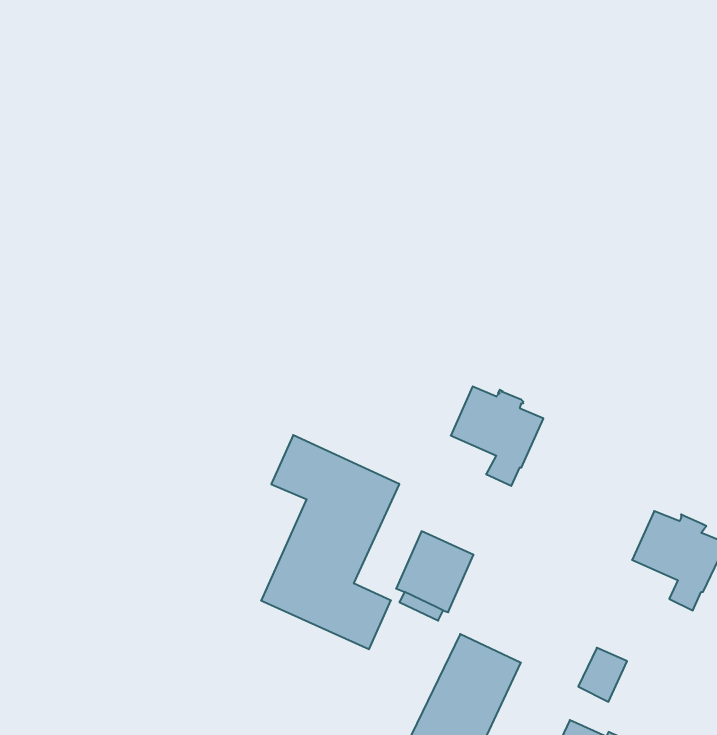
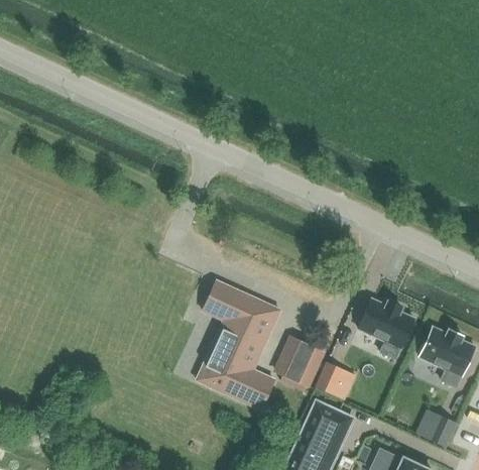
building: [451,386,543,486] -> [358,299,413,358]
building: none -> [315,361,355,399]
building: [578,648,627,702] -> [427,415,456,447]

